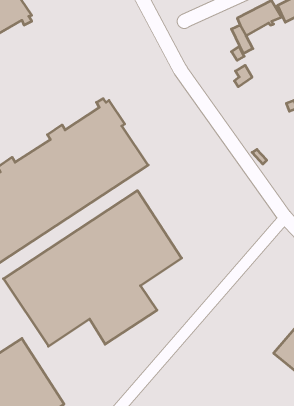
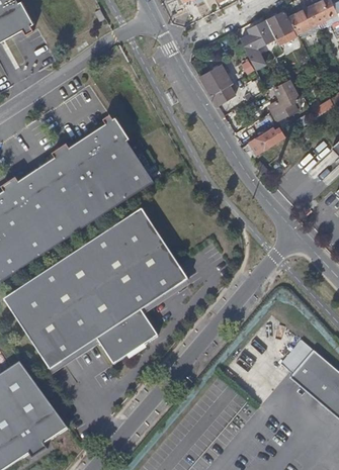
building: none -> [199,65,234,104]
building: none -> [269,75,298,118]
building: none -> [248,129,286,154]

